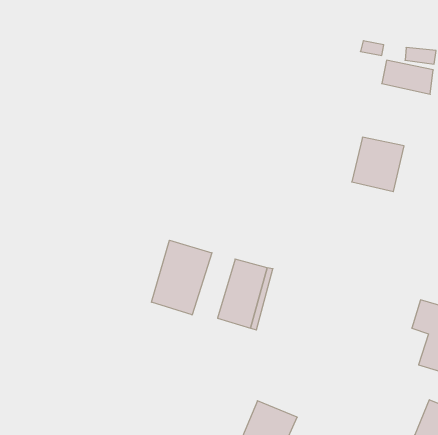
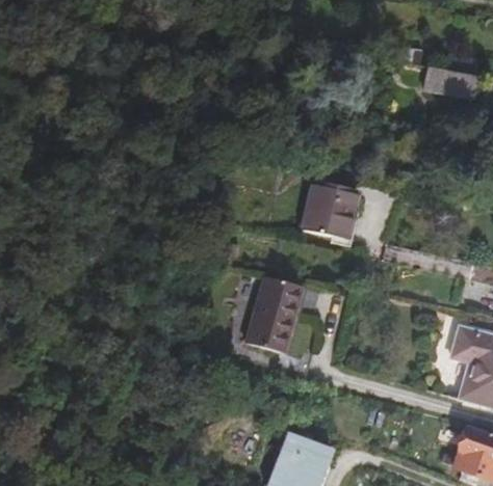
building: [352,137,404,192] -> [296,176,353,234]
building: [151,240,212,315] -> none

